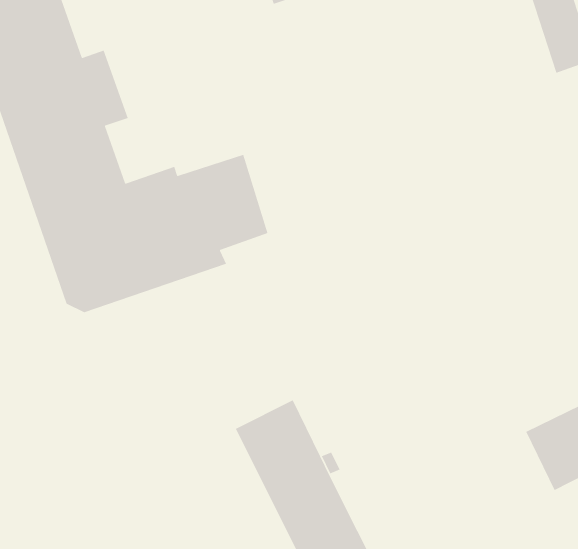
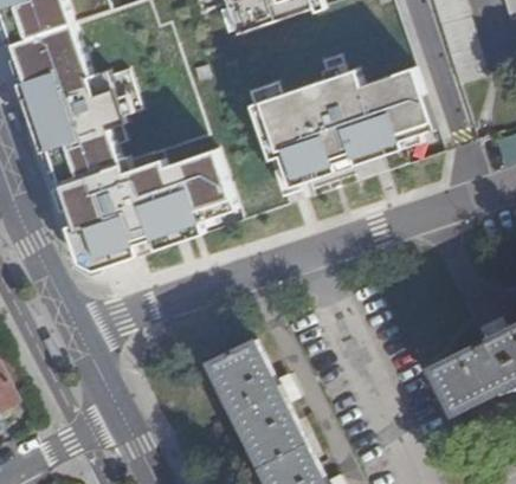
building: none -> [251,67,434,189]

